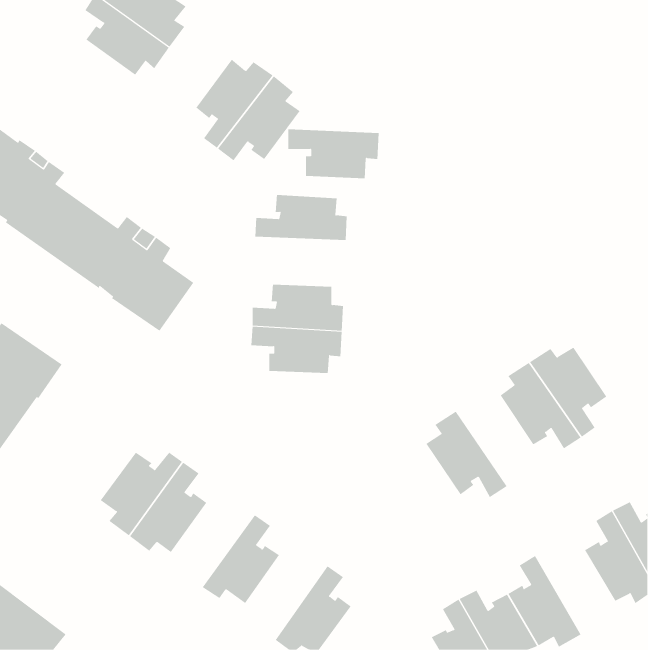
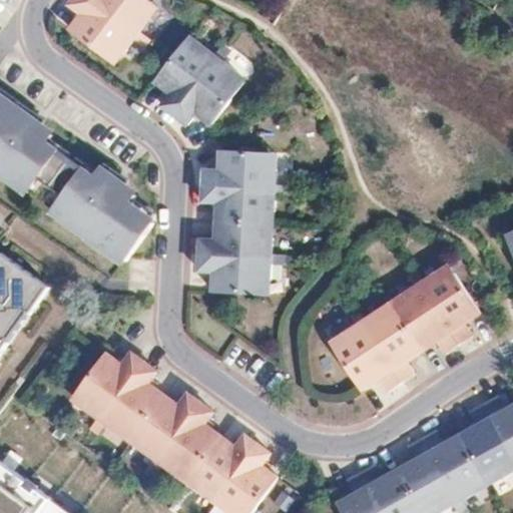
building: [287,129,379,179] -> [199,185,272,224]
building: none -> [358,310,418,381]
building: none -> [134,393,199,460]
building: none -> [420,427,482,497]
building: none -> [192,434,256,501]

